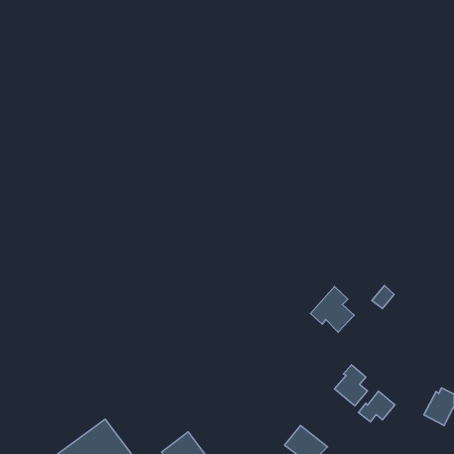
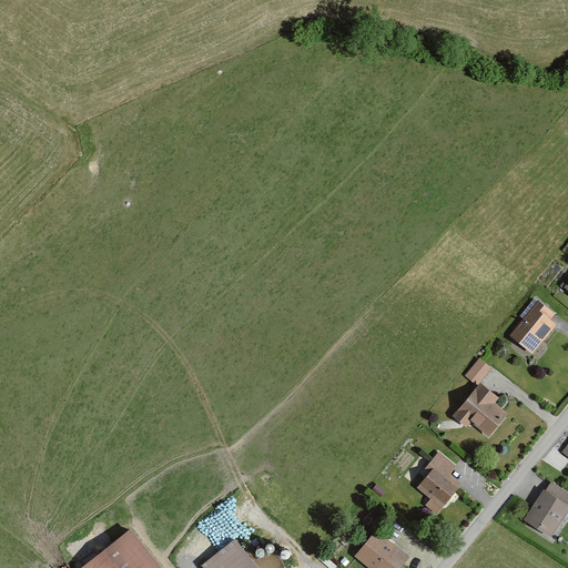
building: none -> [509,302,555,353]
building: [311,287,354,332] -> [452,383,506,439]
building: [358,391,395,422] -> none

